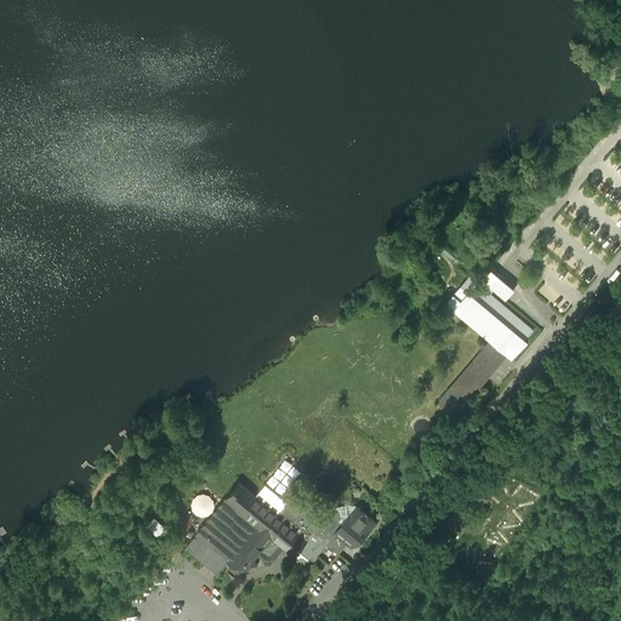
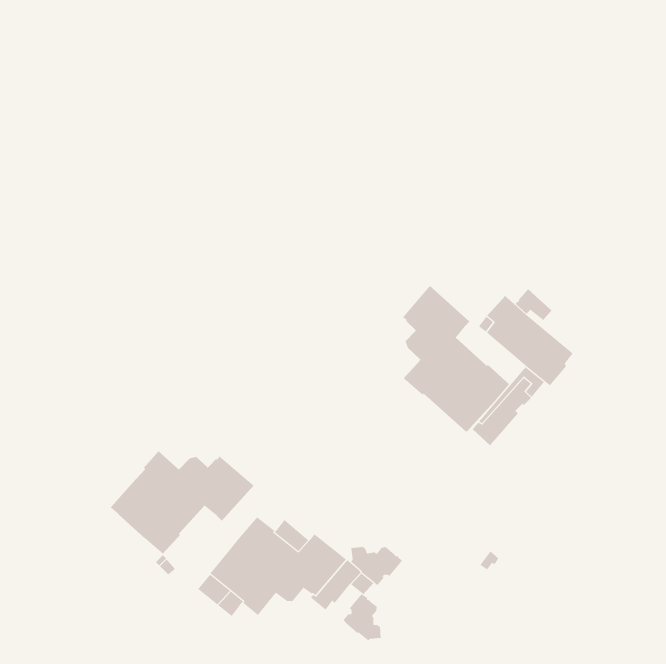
building: none -> [402,285,510,432]
building: none -> [110,450,254,554]
building: none -> [343,593,381,641]

